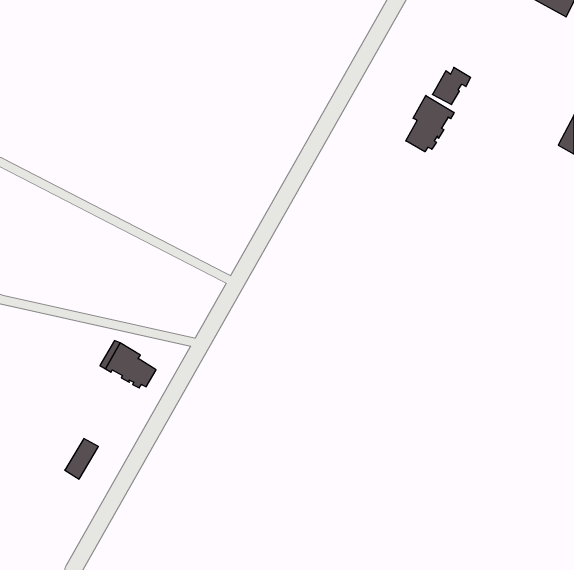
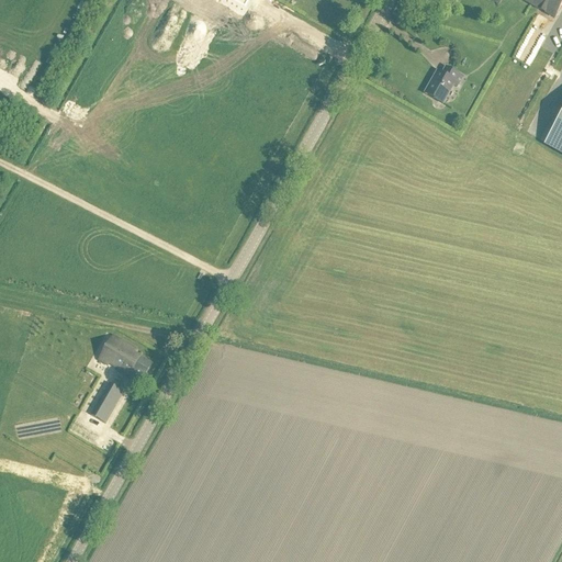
building: [406,95,454,152] -> none
building: [65,439,98,479] -> [91,381,124,420]

